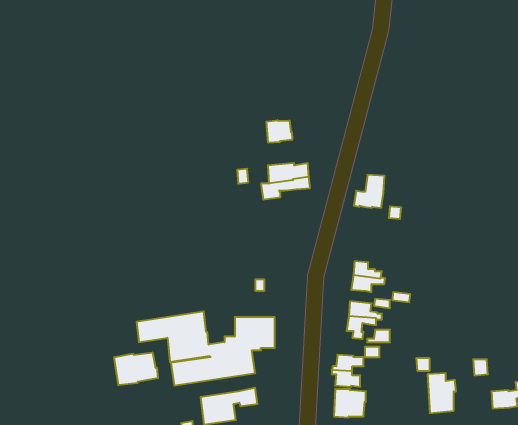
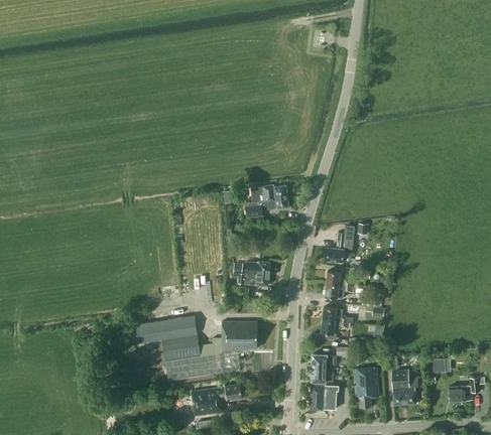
building: [266,120,292,143] -> none
building: [354,175,385,208] -> [327,233,354,262]
building: none -> [234,261,270,285]
building: [114,352,158,385] -> none
building: none -> [354,367,378,407]

